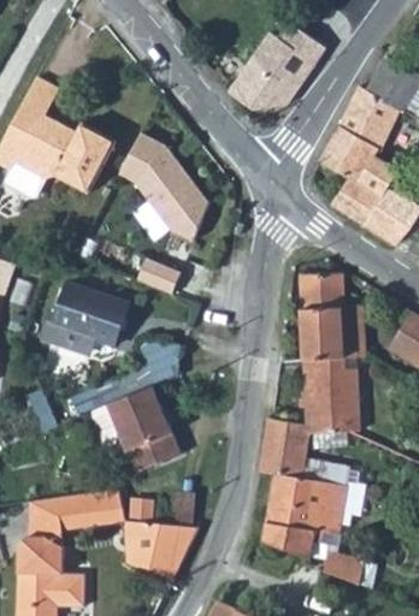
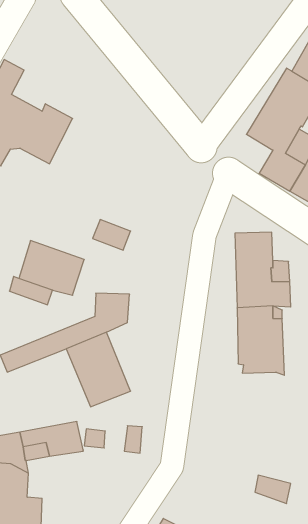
building: [226,25,324,111] -> none
building: [116,131,208,239] -> none
building: [260,416,346,556] -> none
building: [125,521,197,580] -> none

